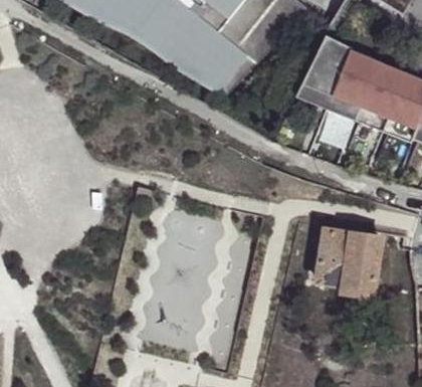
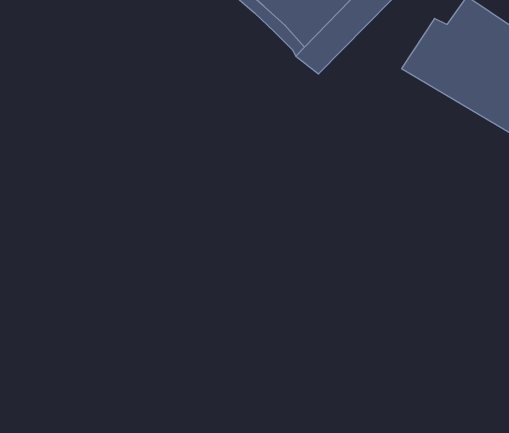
building: [314,226,377,292] -> none

